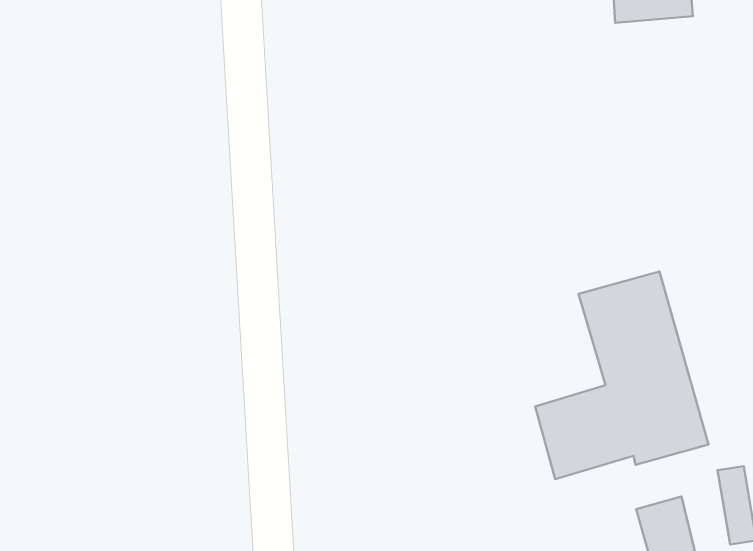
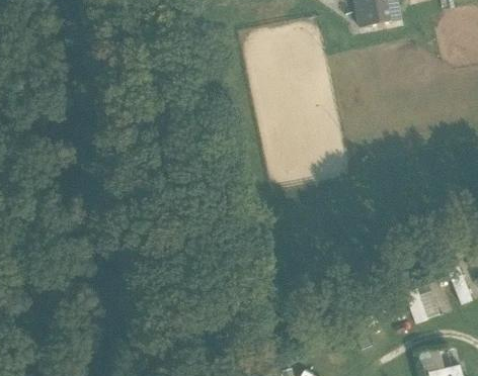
building: [535,272,709,479] -> none

